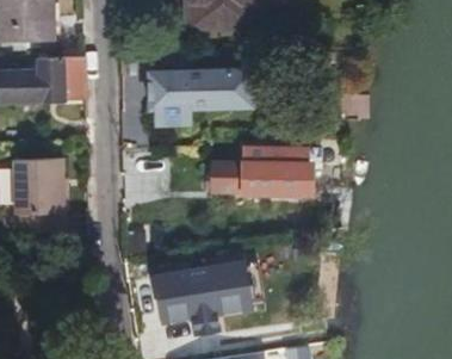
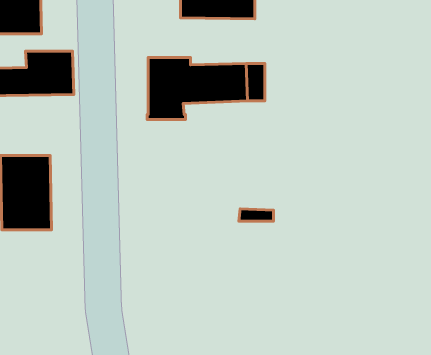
building: [210,149,320,194] -> none
building: [155,258,249,321] -> none

